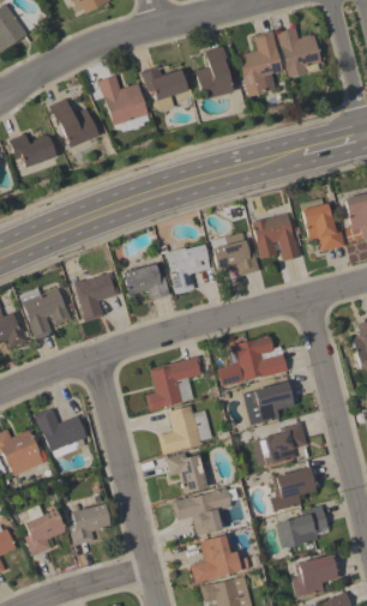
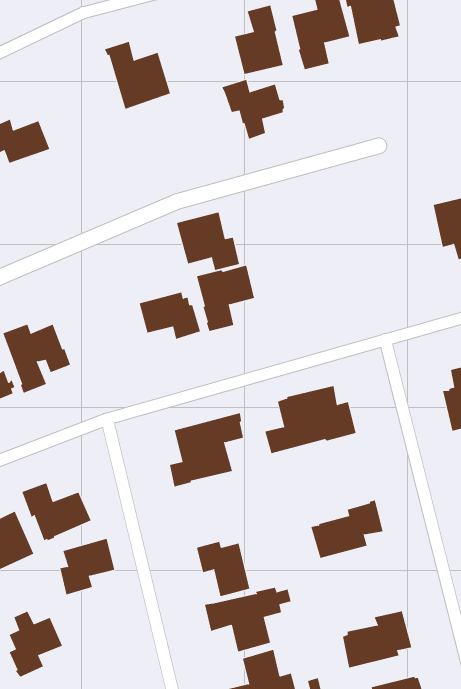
building: [139,66,187,112] -> [221,79,285,139]
building: [48,98,97,148] -> none
building: [300,198,344,252] -> none
building: [251,214,300,260] -> none
building: [210,232,258,276] -> [176,212,240,271]
building: [73,271,120,322] -> none
building: [249,382,294,422] -> none
building: [157,406,211,455] -> none
building: [270,468,315,511] -> none
building: [68,503,110,546] -> [59,538,115,595]

